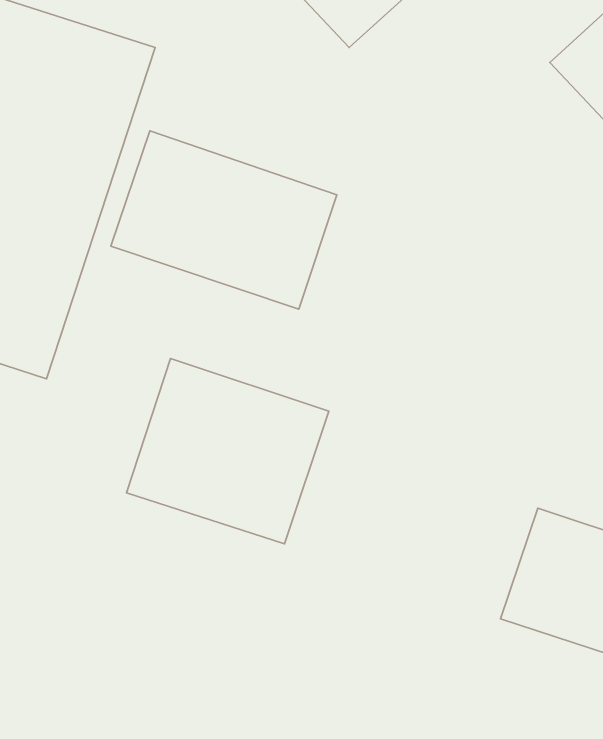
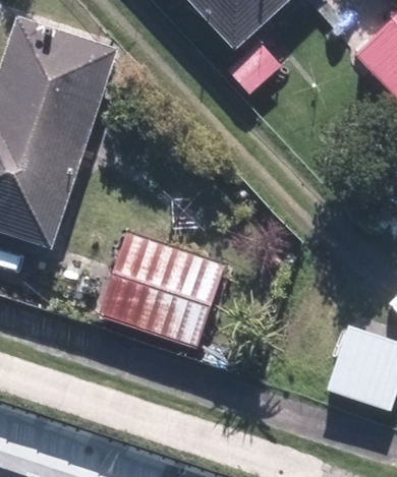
building: [111,131,337,309] -> none

